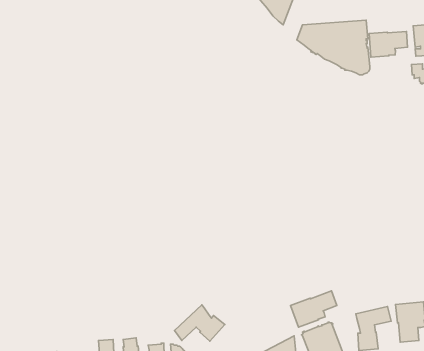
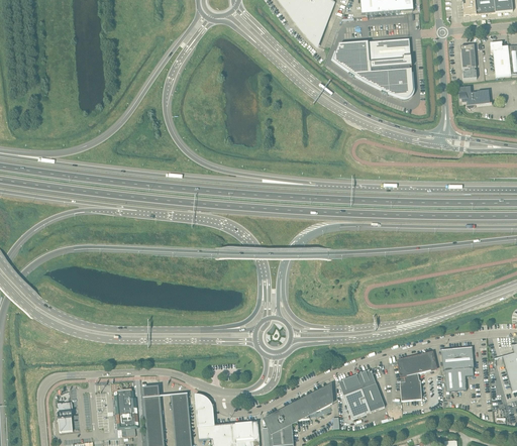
building: [369,31,408,57] -> none
building: [290,291,337,327] -> none
building: [174,305,225,341] -> none

